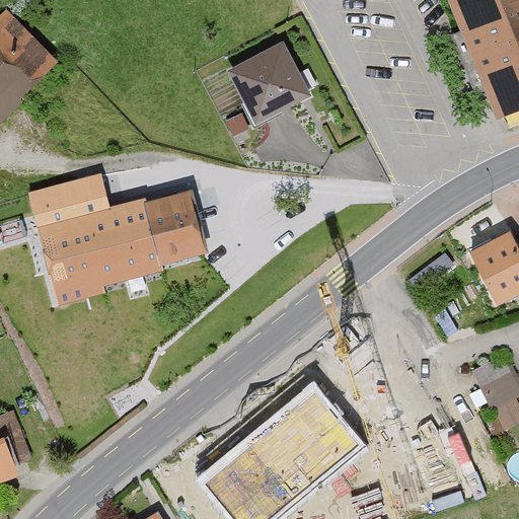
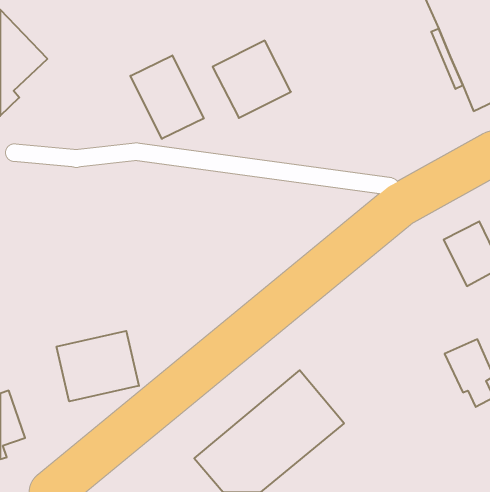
building: none -> [130,55,204,139]
building: [29,176,205,303] -> none
building: none -> [57,331,139,401]

